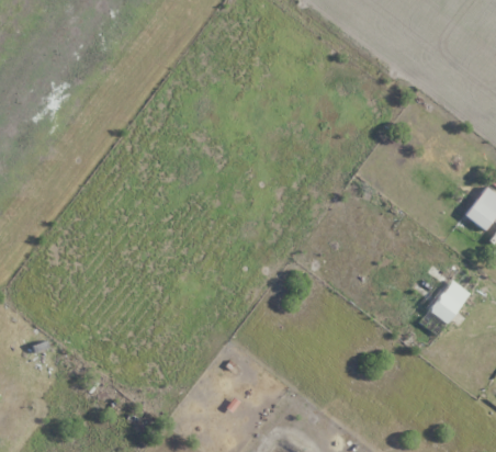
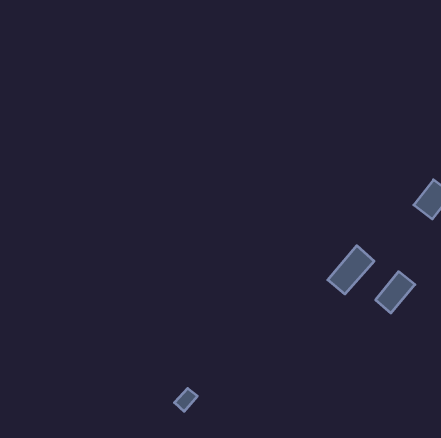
building: none -> [328,246,374,294]

